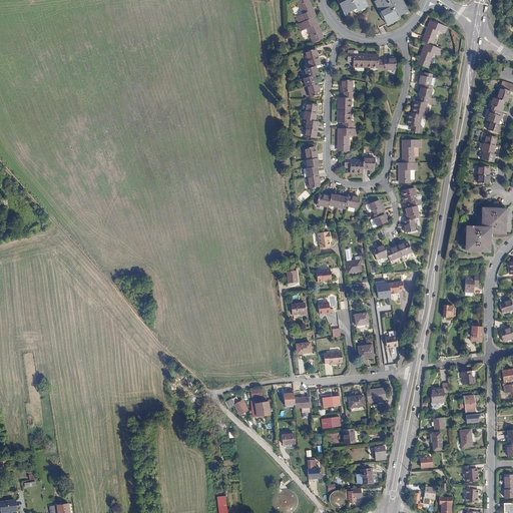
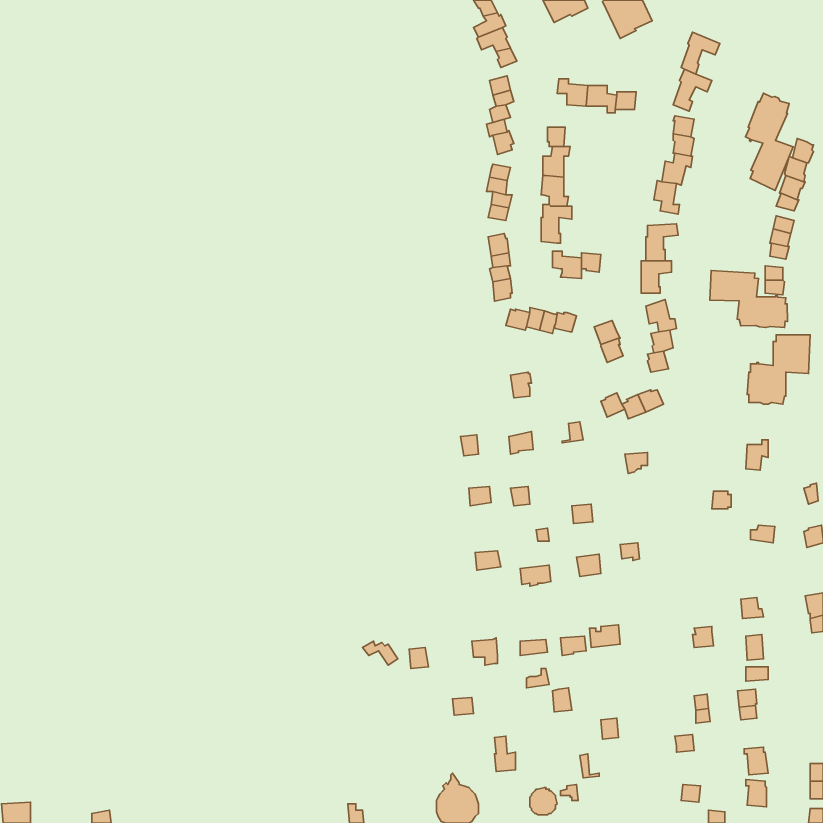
building: none -> [745,93,793,191]
building: none -> [710,270,787,327]

